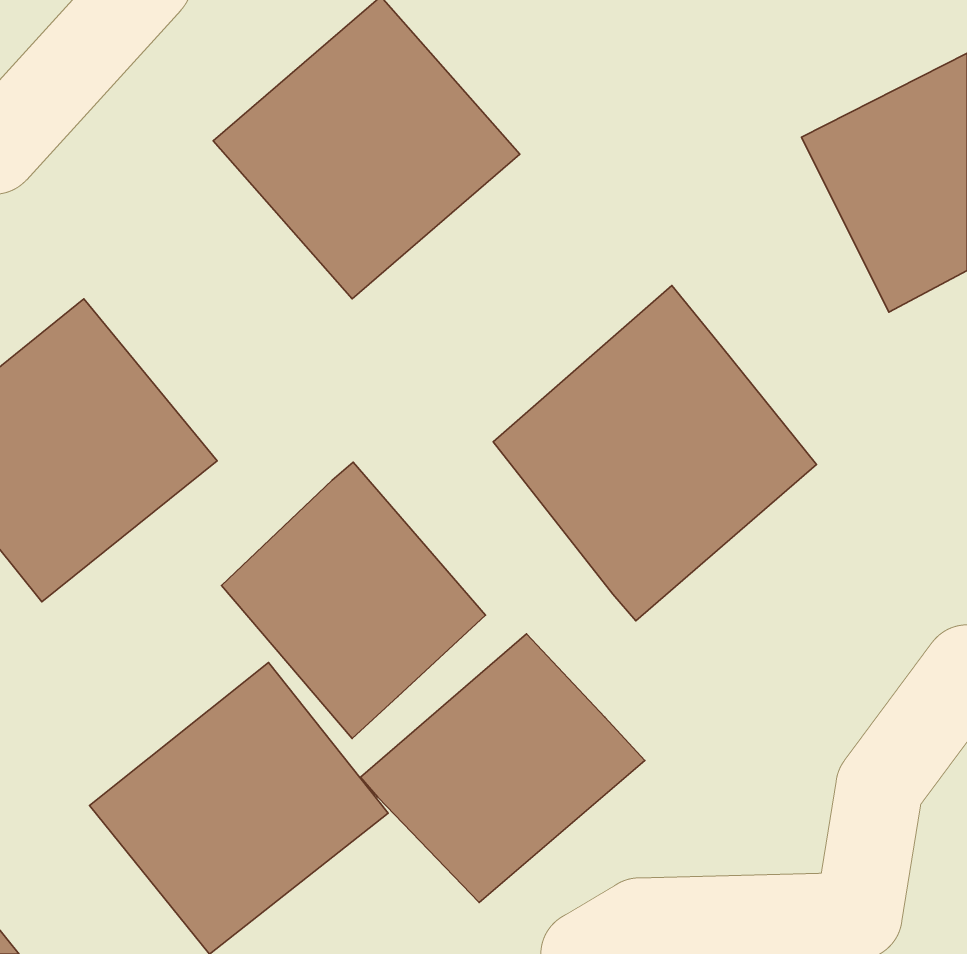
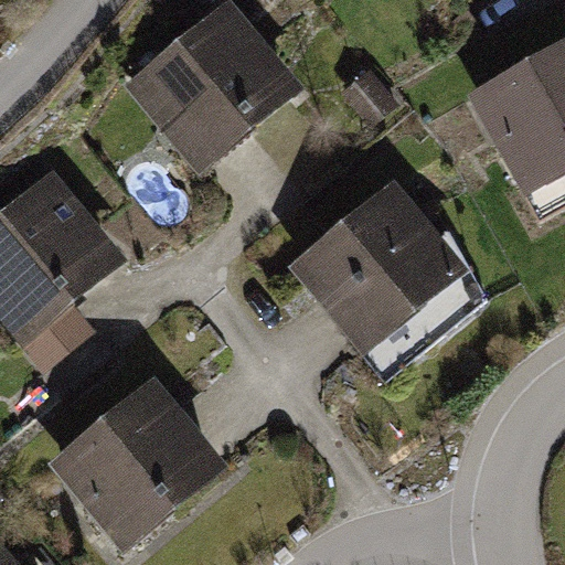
building: [222,462,485,739] -> none
building: [360,634,645,902] -> none

